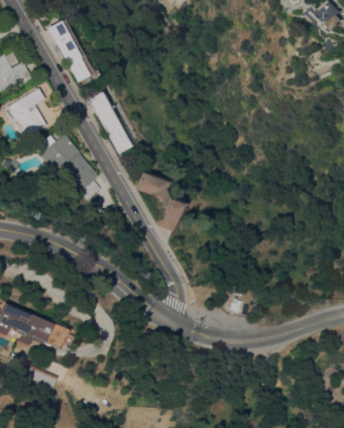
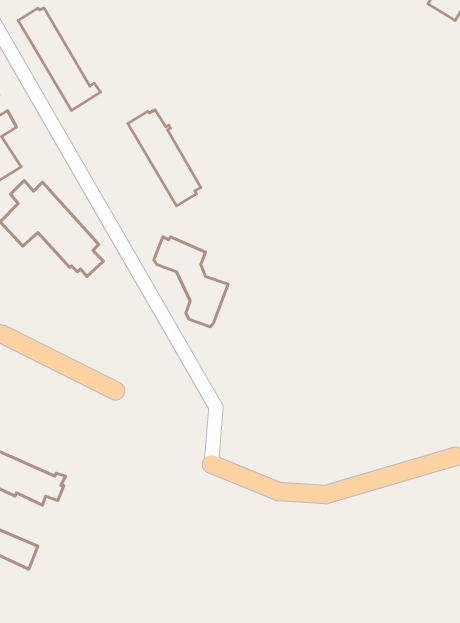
building: [86,90,134,153] -> [128,110,201,206]

